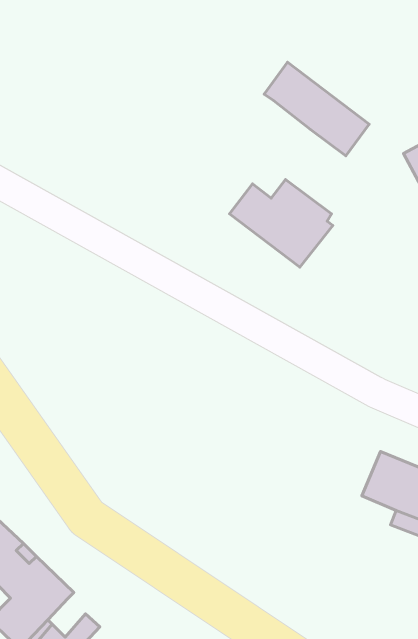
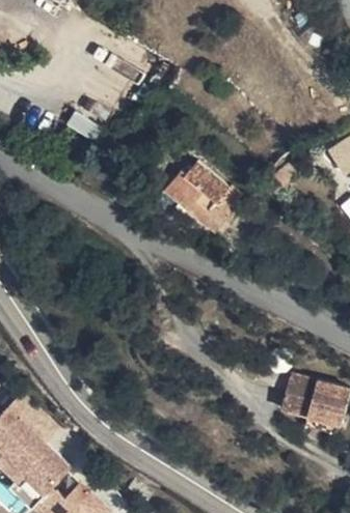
building: [264,62,369,156] -> none

